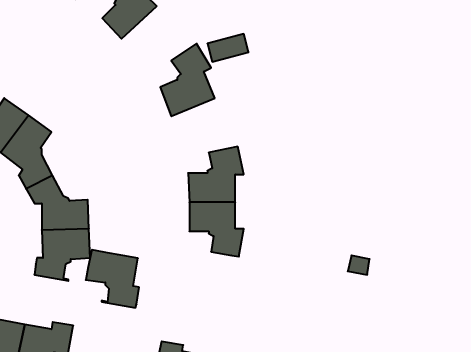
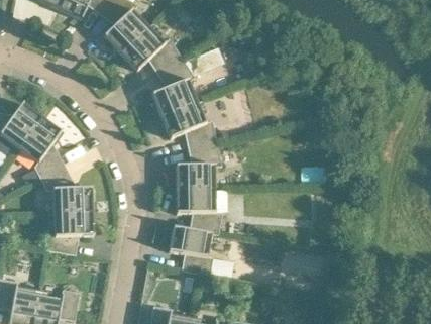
building: none -> [118,26,181,72]
building: none -> [159,103,215,148]
building: [86,250,139,308] -> [167,227,211,276]

